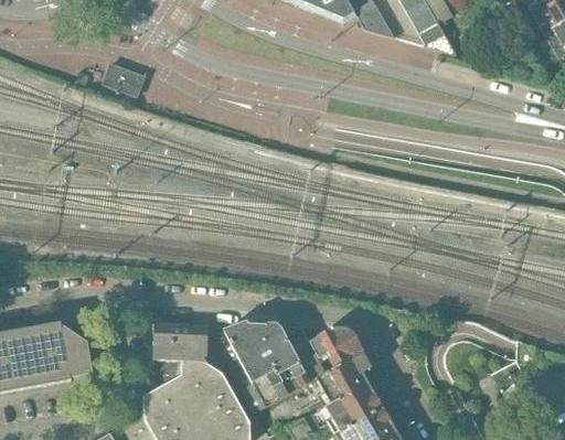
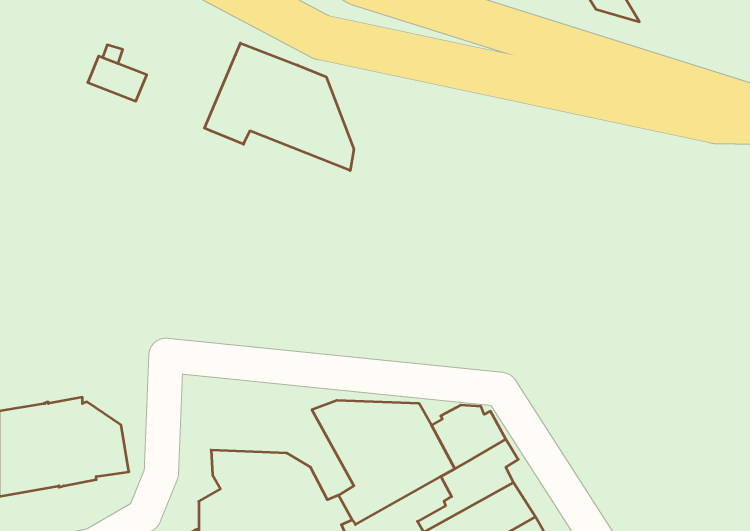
building: [103,64,145,96] -> [88,56,147,101]
building: none -> [204,43,354,171]
building: [152,324,209,362] -> none

